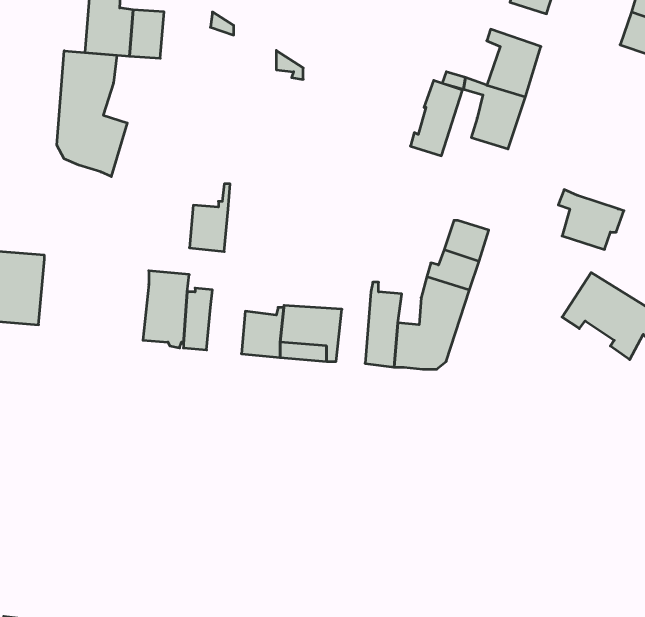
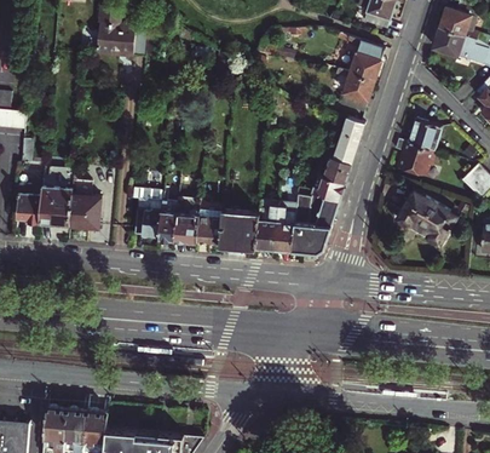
building: [57,51,127,177] -> none
building: [410,80,463,156] -> [332,117,364,165]
building: none -> [407,119,440,151]
building: [189,184,230,252] -> [174,200,200,242]
building: none -> [69,183,98,226]
building: none -> [255,202,277,248]

